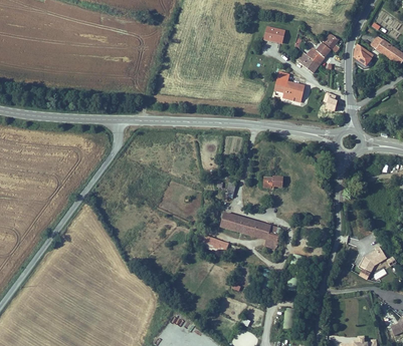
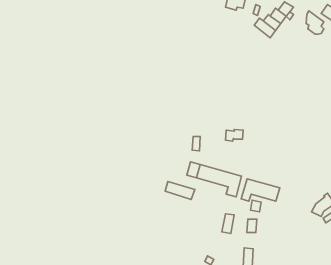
building: [274,71,305,100] -> none
building: none -> [241,179,280,201]

